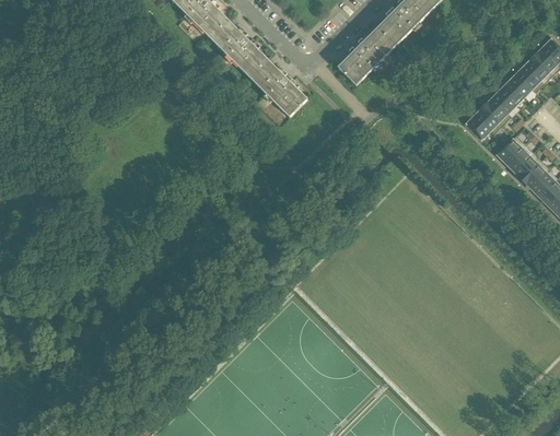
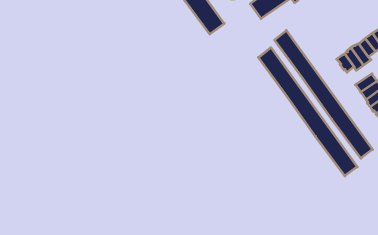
building: none -> [275,30,373,158]
building: none -> [258,48,357,176]

